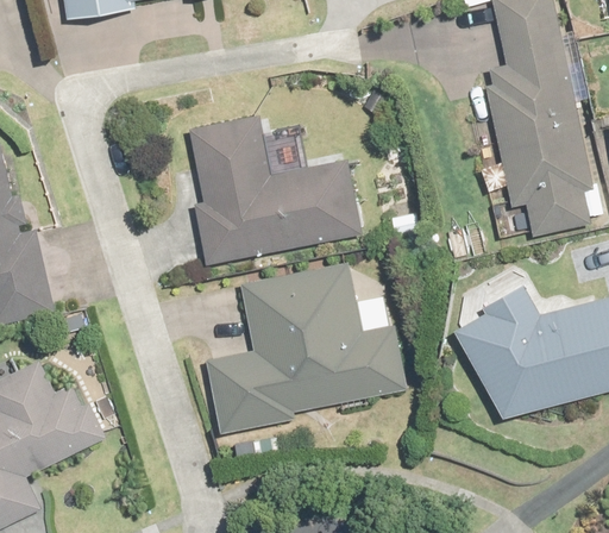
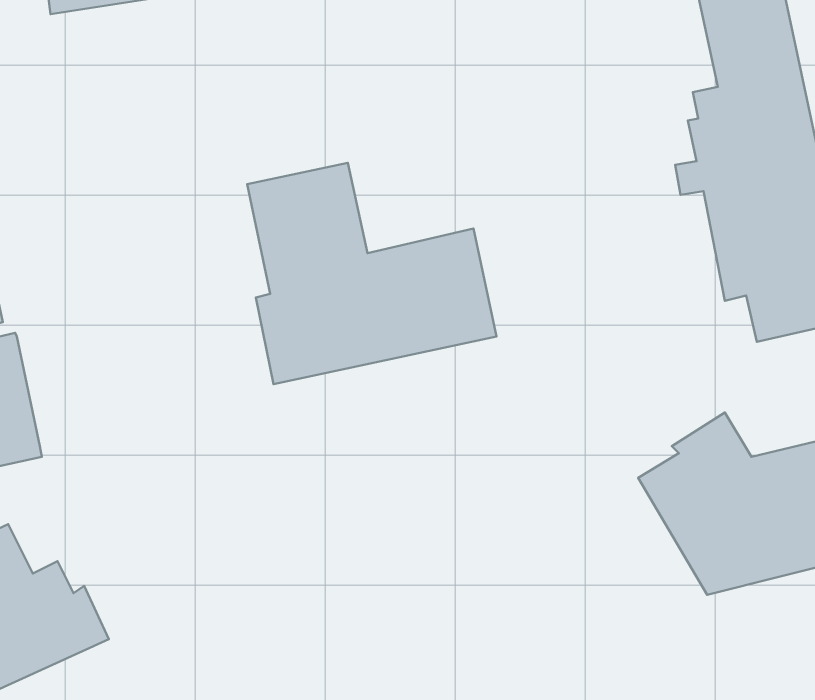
building: [208,263,406,434] -> none

